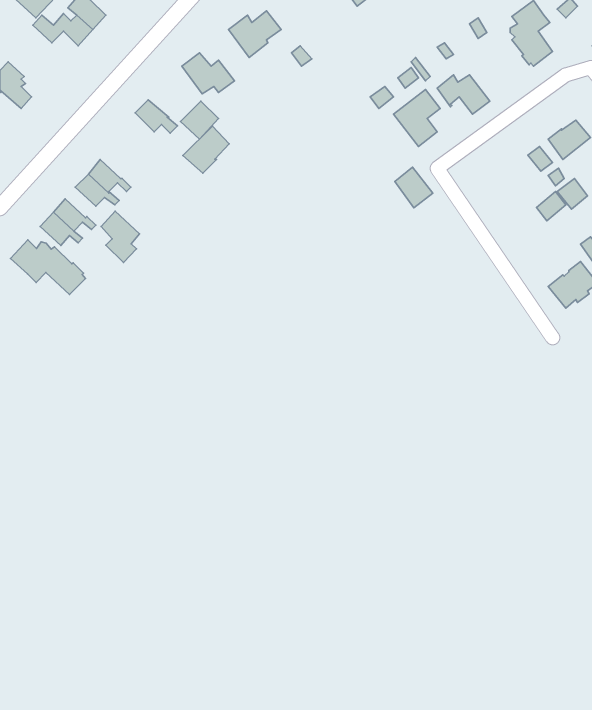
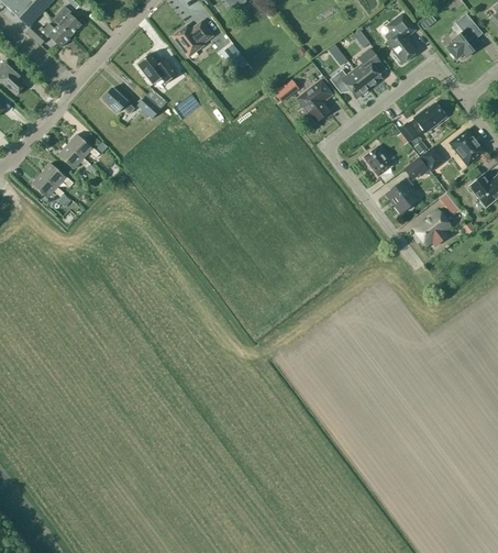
building: none -> [354,48,381,89]
building: [183,126,229,173] -> none
building: [395,167,433,208] -> [363,146,391,177]
building: [101,211,139,263] -> none
building: none -> [387,178,419,213]
building: [10,240,85,294] -> none

